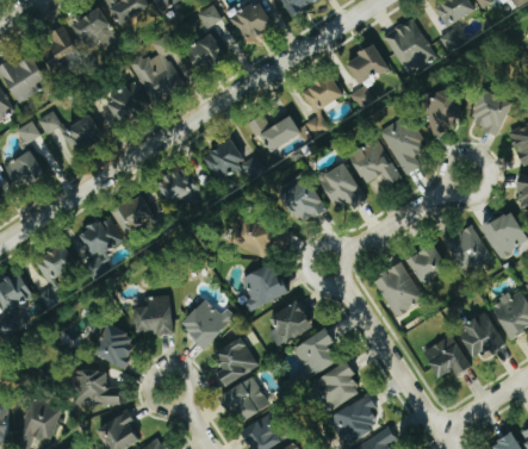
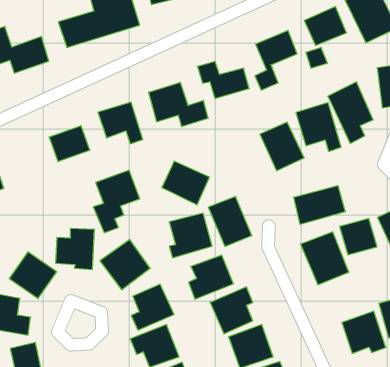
building: [278,174,324,224] -> [208,196,252,246]
building: [77,216,123,280] -> [93,170,140,233]
building: none -> [294,186,345,224]

